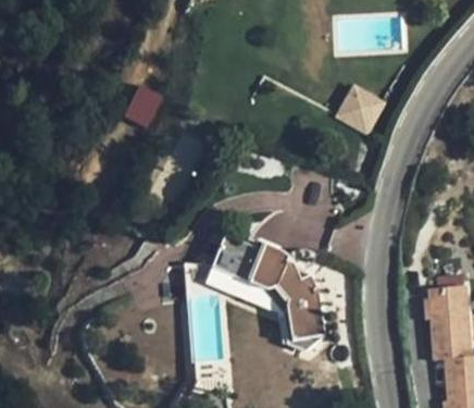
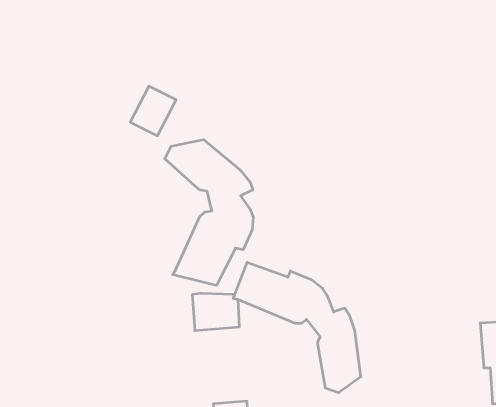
building: [335,84,387,136] -> none
building: none -> [165,140,253,285]

